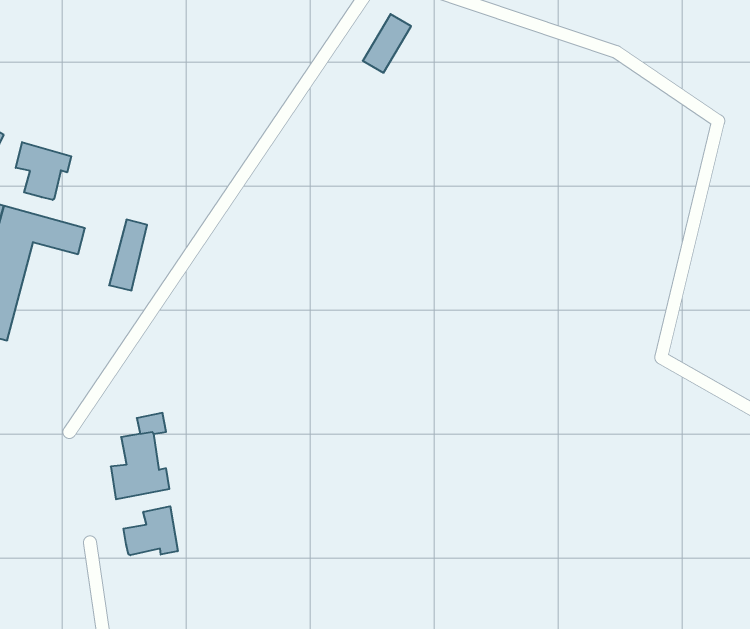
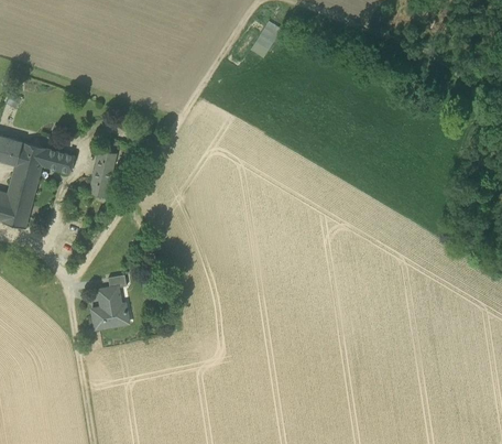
building: [16,142,71,200] -> none
building: [123,506,178,555] -> none

